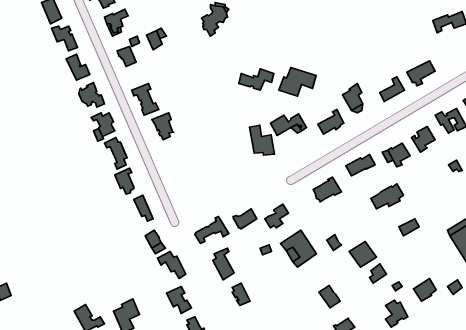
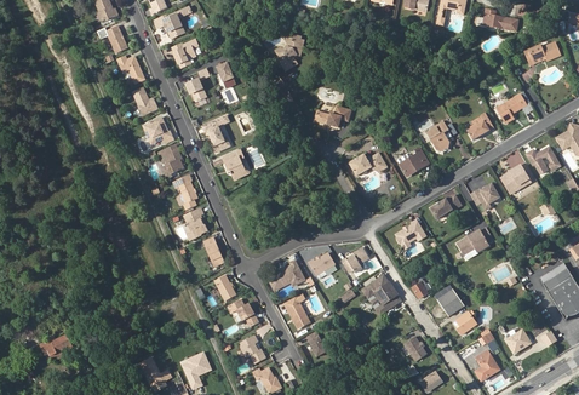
building: [279,67,316,96] -> none
building: [250,125,274,155] -> none

